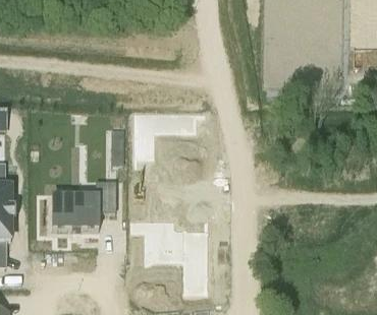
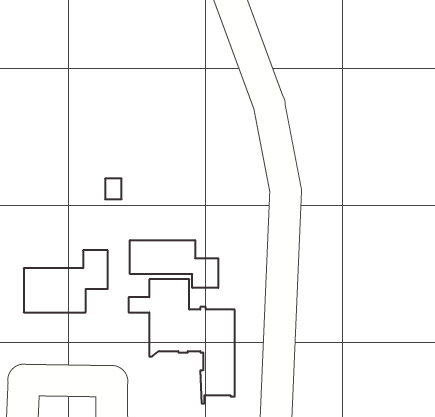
building: none -> [130,240,218,288]

